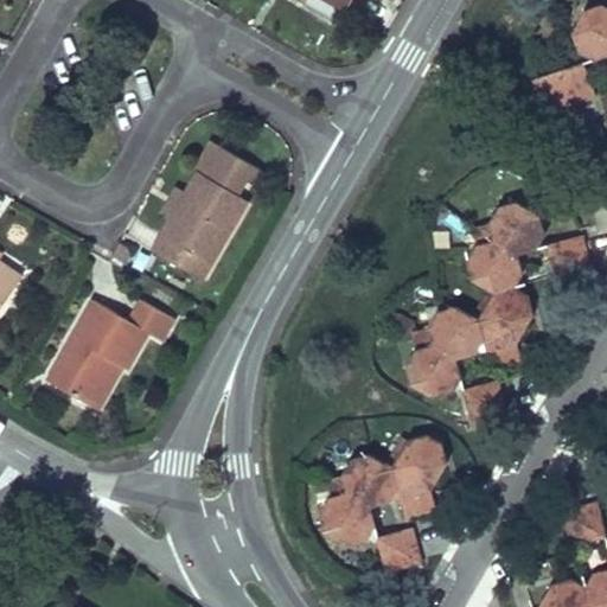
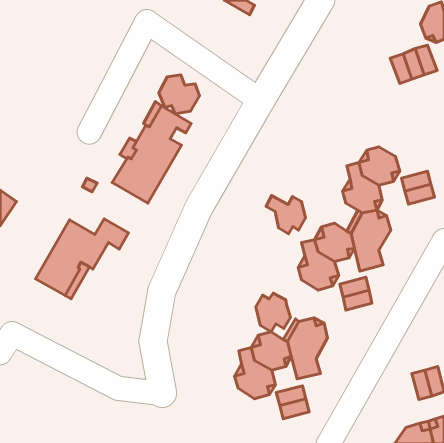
building: none -> [159,75,200,114]
building: none -> [266,196,306,234]
building: none -> [256,293,290,332]

